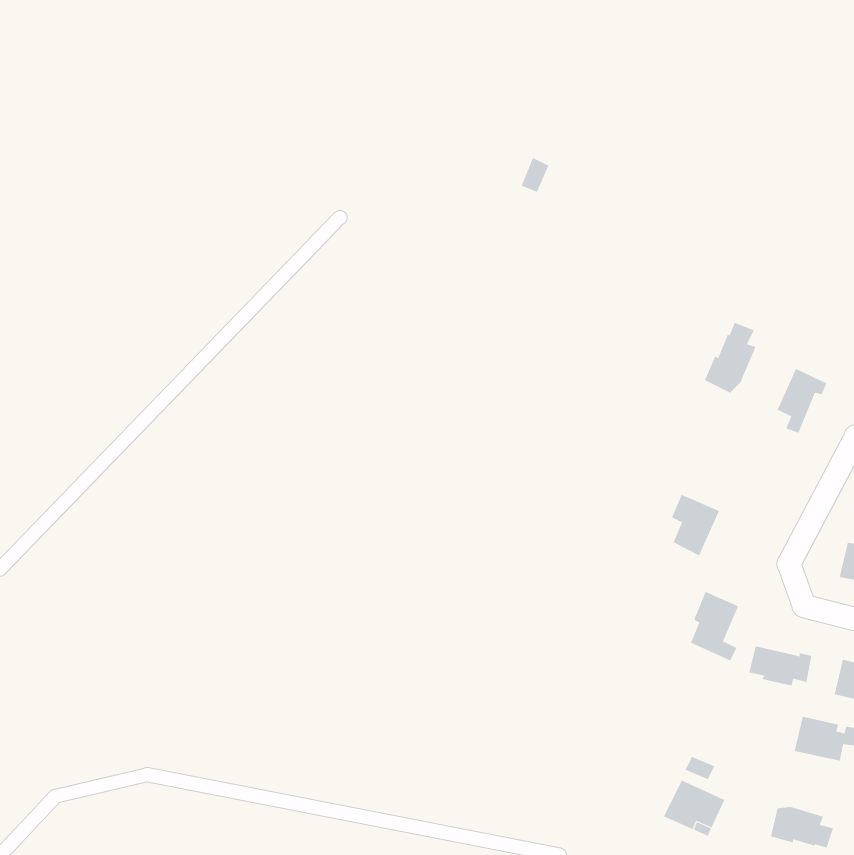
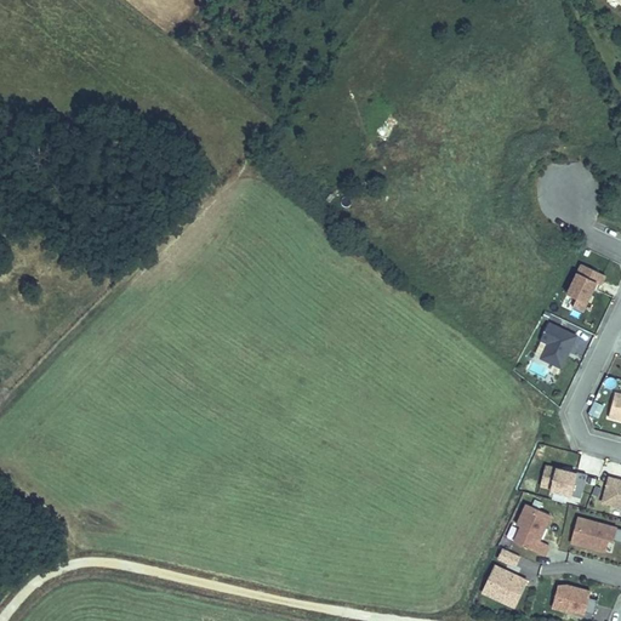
building: [704,322,756,394] -> none
building: [671,494,720,556] -> [539,326,574,371]
building: [690,591,739,661] -> [514,503,549,554]

